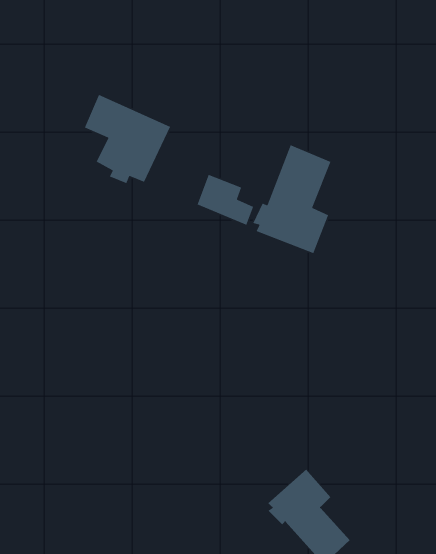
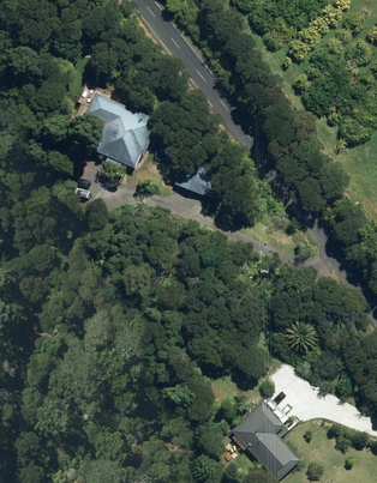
building: [252,144,331,254] -> none

